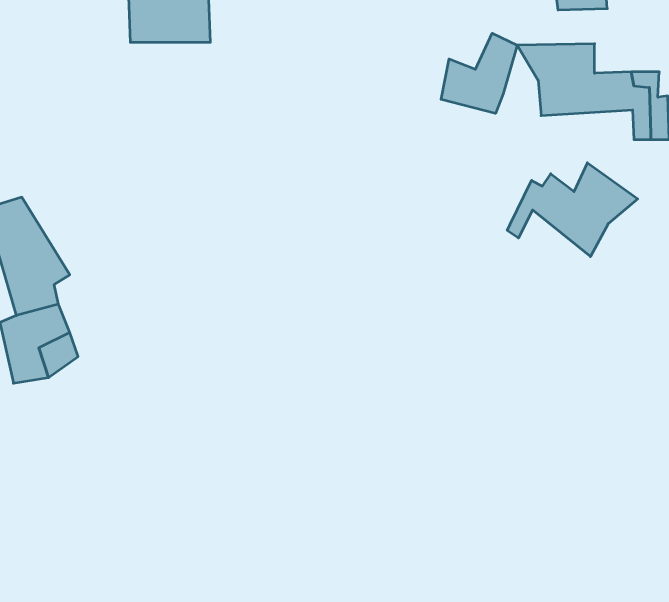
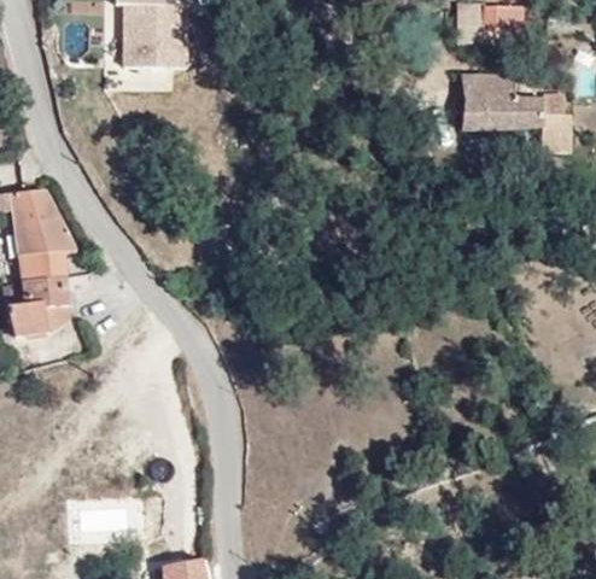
building: [441,33,517,113] -> none
building: [507,163,638,257] -> none

